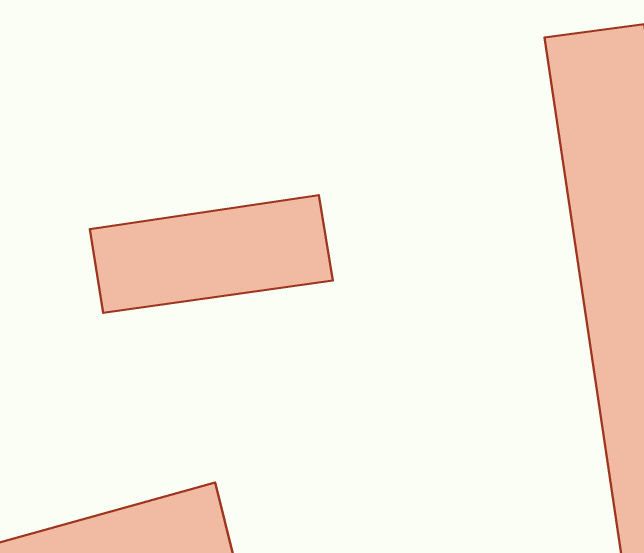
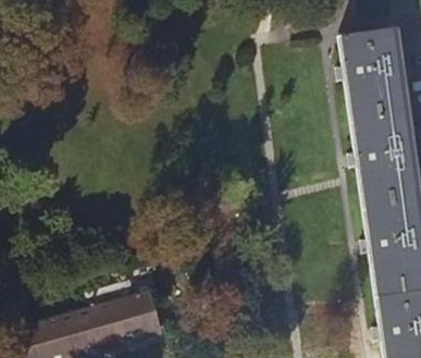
building: [90,195,333,313] -> none

